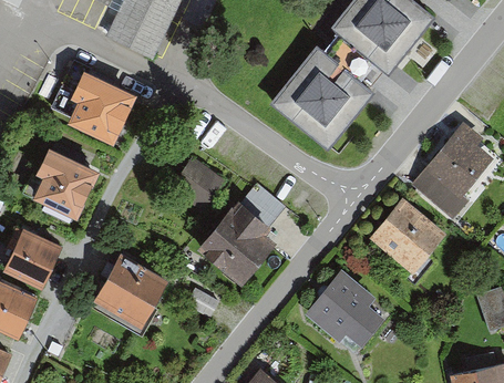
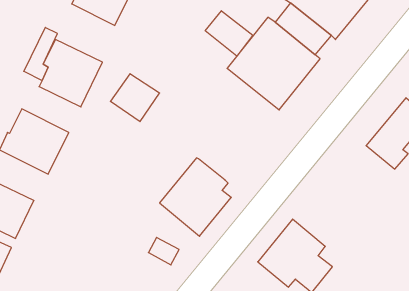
building: none -> [205,11,253,56]
building: [172,157,225,209] -> [110,74,160,122]
building: [240,182,286,225] -> none
building: [377,204,445,271] -> none
building: [95,256,168,327] -> none

